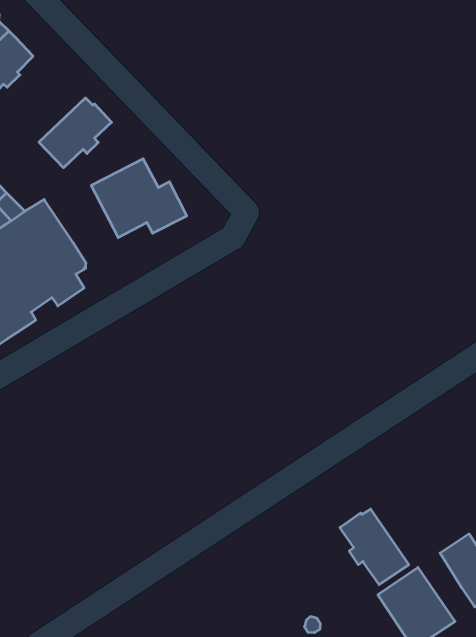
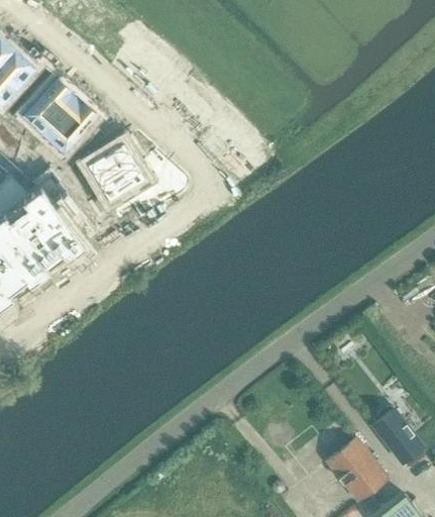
building: none -> [23,79,77,135]
building: [340,509,409,585] -> none

